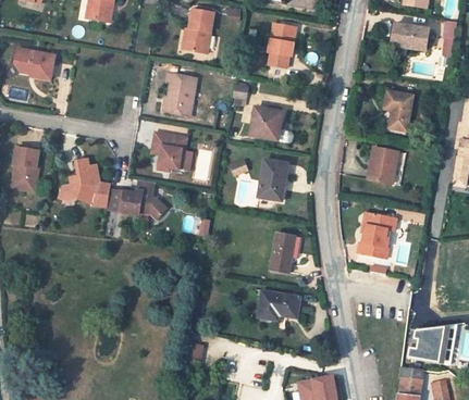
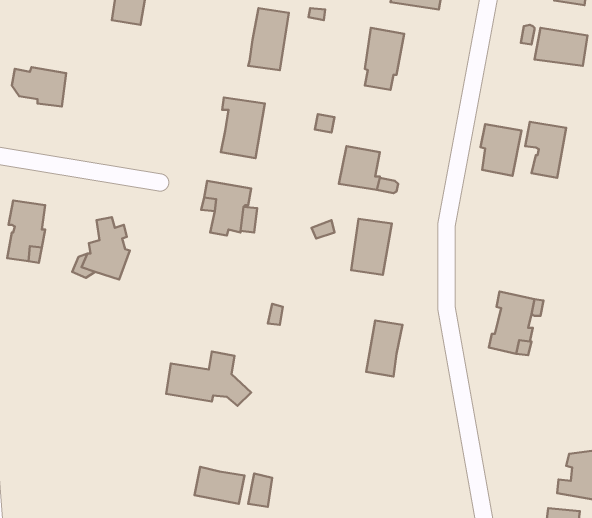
building: [369,147,398,184] -> [481,124,522,176]
building: [106,179,166,218] -> [166,351,251,406]
building: [257,291,299,320] -> none
building: none -> [194,467,245,504]

